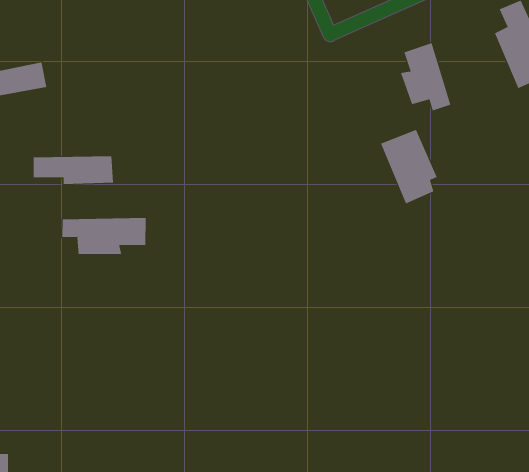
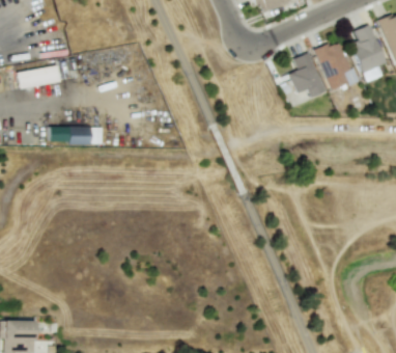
building: [380,129,437,204] -> [315,40,352,89]
building: [62,217,146,255] -> none

